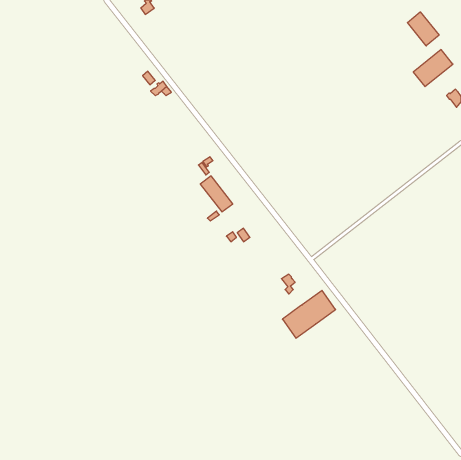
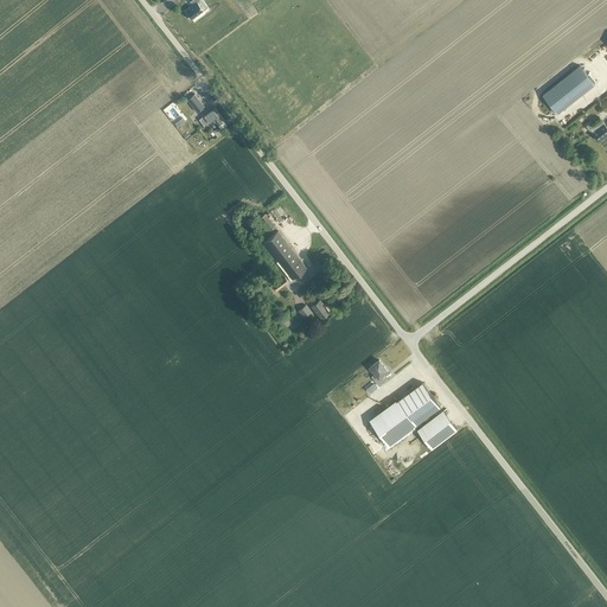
building: [407,12,439,46] -> none
building: none -> [417,411,458,449]

